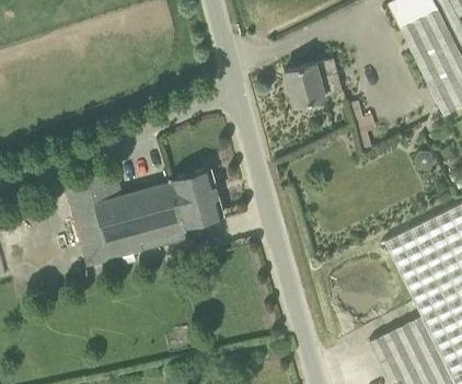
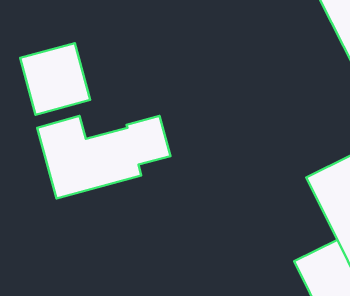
building: [285,59,343,106] -> none
building: none -> [20,43,90,115]

